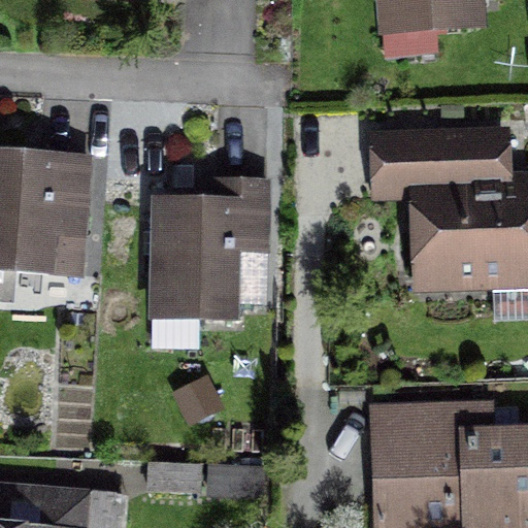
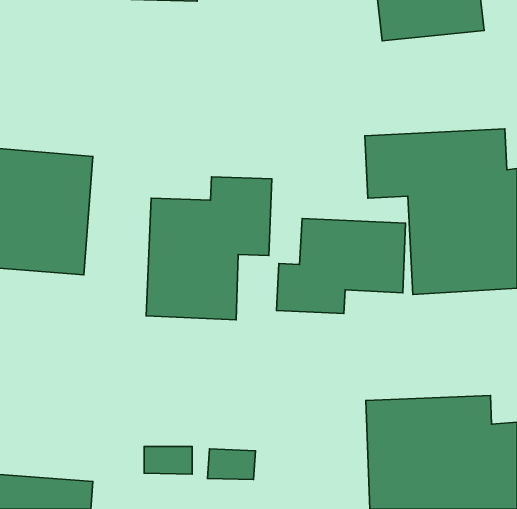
building: none -> [276,219,406,313]

